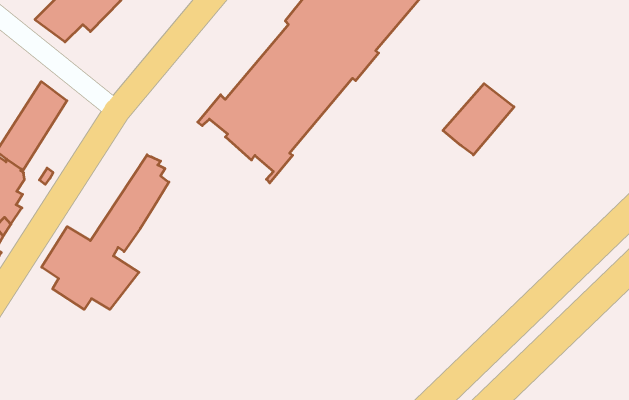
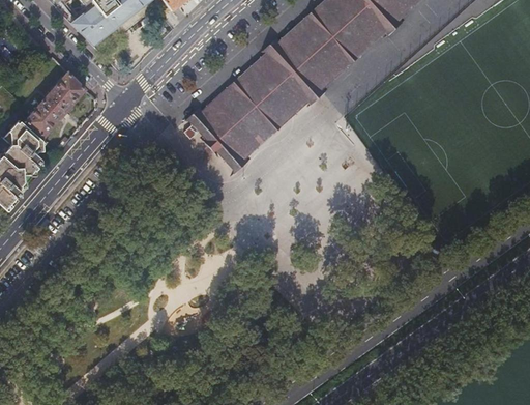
building: [443,84,514,155] -> none
building: [42,155,169,309] -> none

